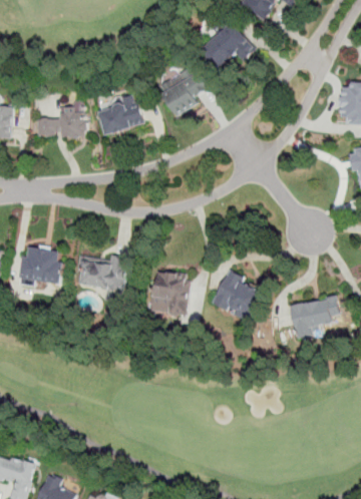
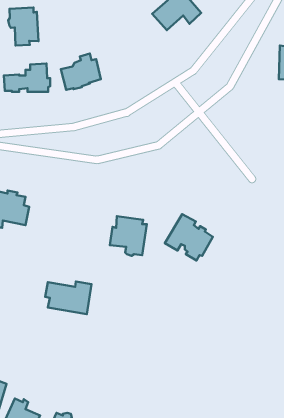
building: none -> [8,7,38,46]
building: [159,65,209,116] -> none
building: [76,255,127,291] -> [45,281,91,314]
building: [289,296,340,338] -> none

